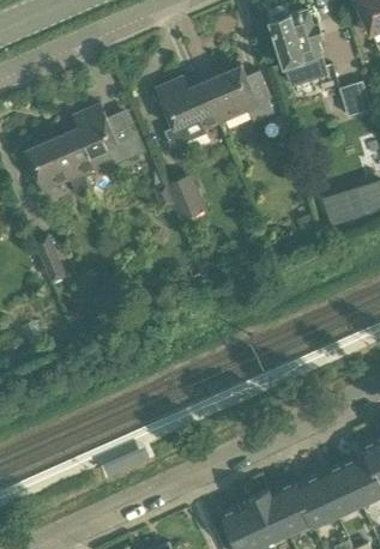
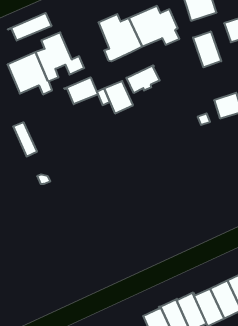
building: none -> [8,13,51,41]
building: none -> [193,31,221,67]
building: none -> [126,65,160,93]
building: none -> [64,77,98,104]

